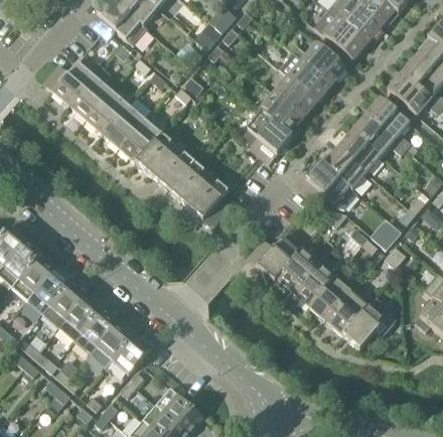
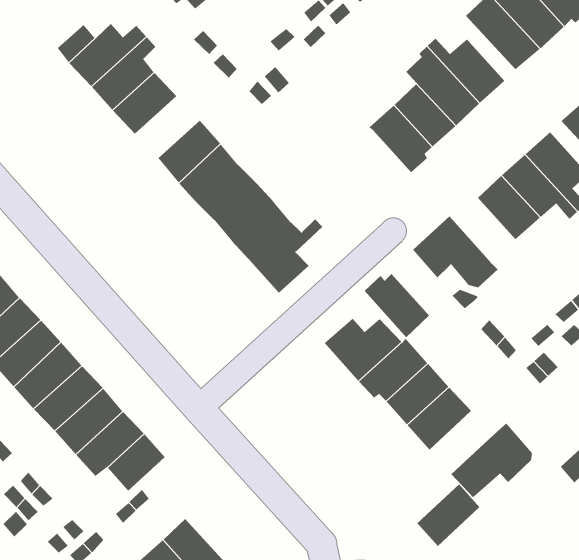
building: [103,106,145,149] -> none
building: [243,113,291,165] -> none
building: [320,149,366,191] -> [364,273,430,338]
building: [326,292,367,336] -> [417,483,480,547]

